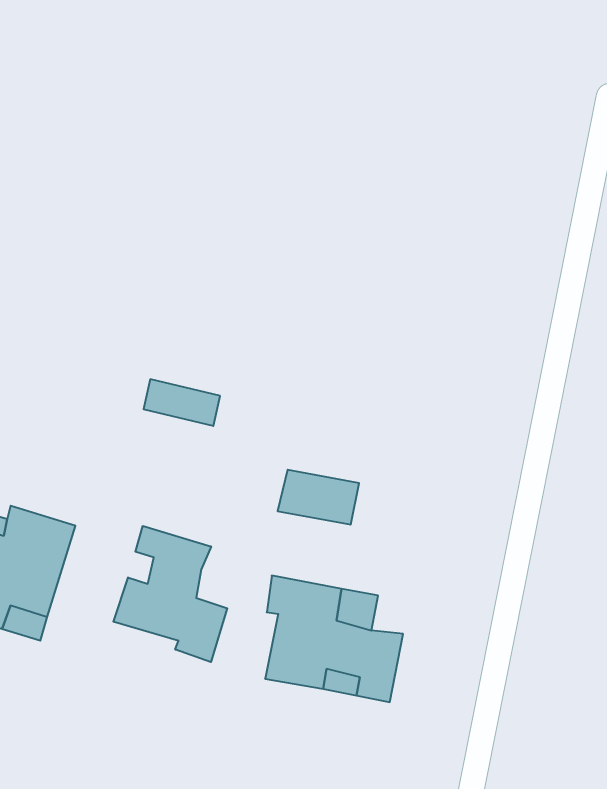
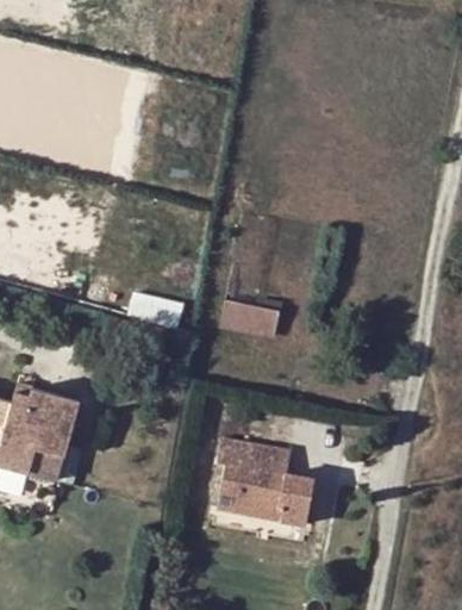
building: [278,470,359,525] -> [220,299,279,338]
building: [113,526,227,662] -> none

